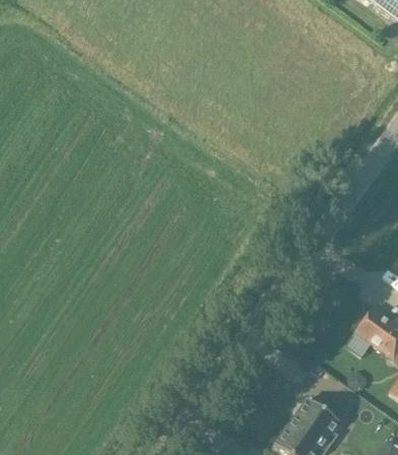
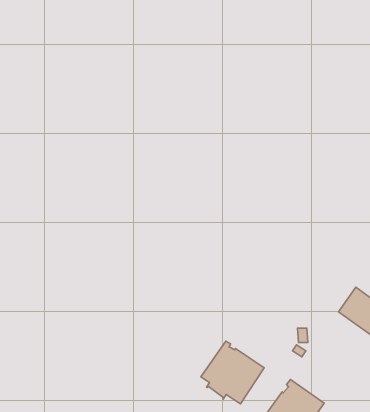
building: none -> [201,341,264,404]

